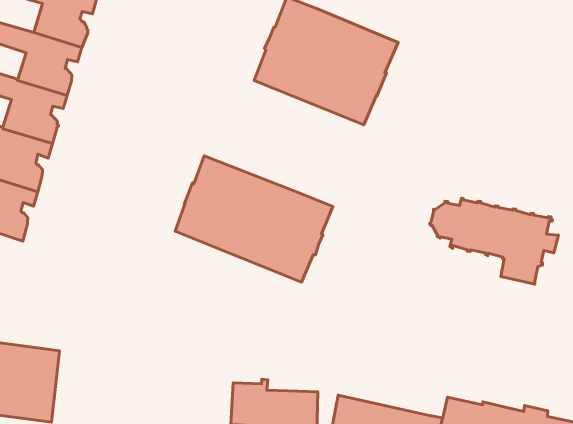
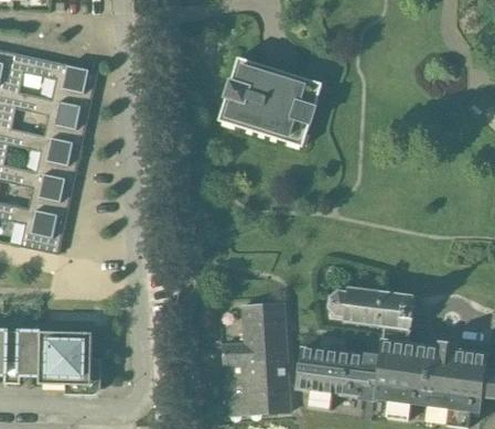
building: [175,156,333,282] -> none
building: [429,198,559,284] -> [325,286,421,344]
building: none -> [240,302,284,347]

